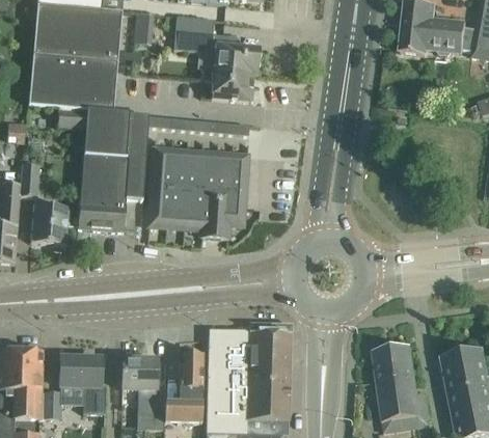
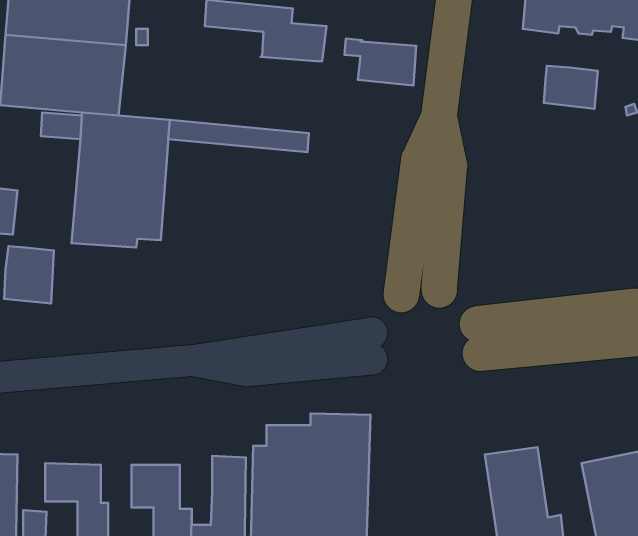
building: [201,67,252,101] -> [345,39,416,86]
building: none -> [544,66,598,109]
building: [148,146,247,238] -> none
building: [77,201,125,230] -> none

